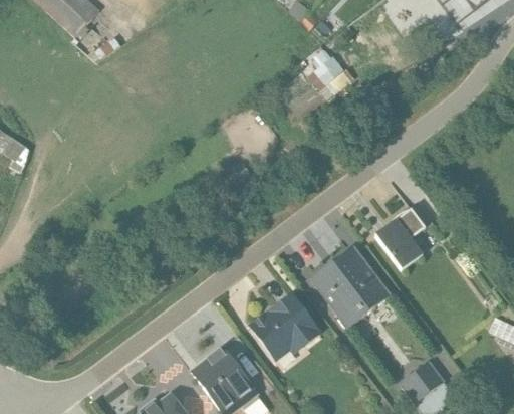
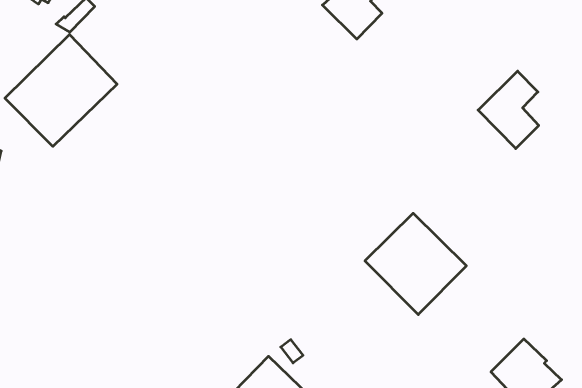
building: none -> [5,35,117,146]
building: [374,207,425,269] -> [478,71,539,149]
building: [248,292,322,367] -> none

